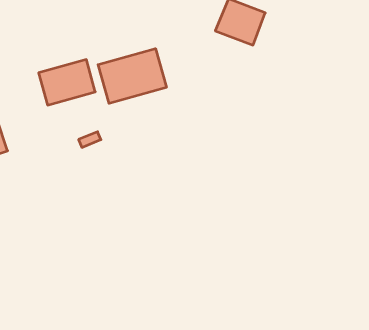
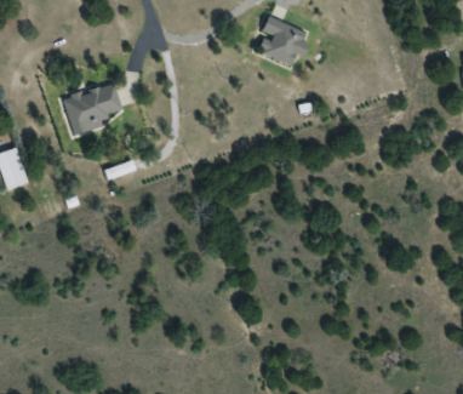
building: [98,49,166,103] -> none

